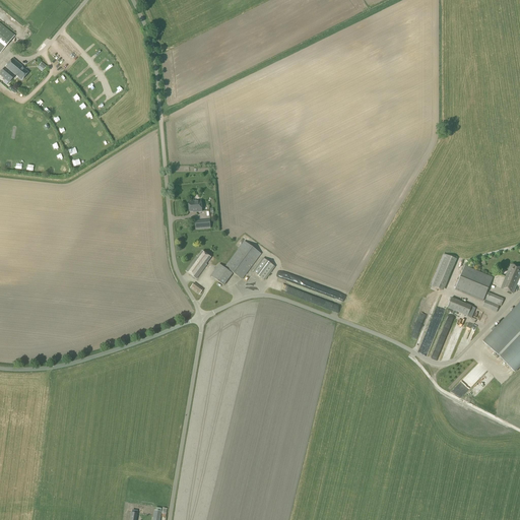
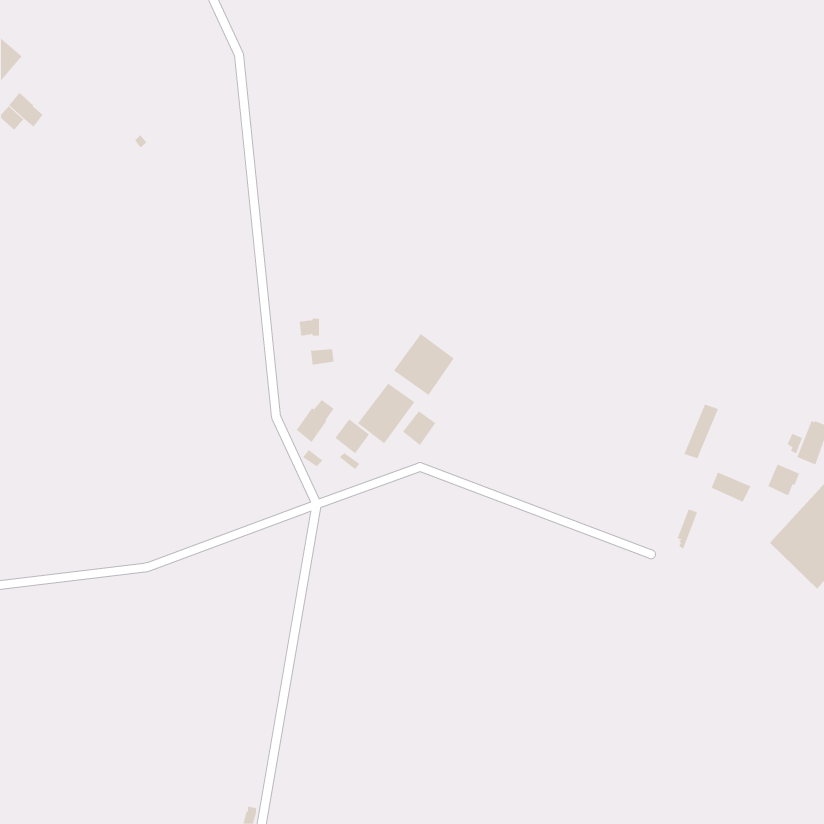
building: none -> [393,333,454,396]
building: [456,265,494,301] -> none

